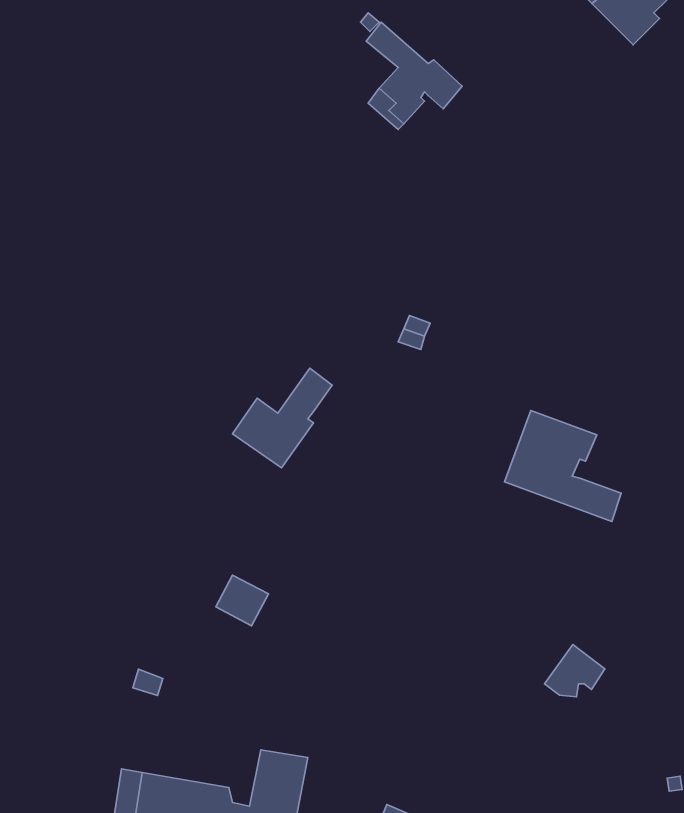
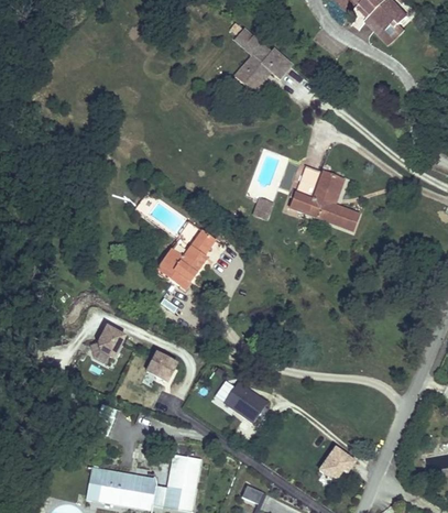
building: [505,410,621,521] -> [289,166,358,231]
building: none -> [98,326,125,358]
building: none -> [223,383,267,423]
building: [545,644,605,697] -> [319,447,354,478]

